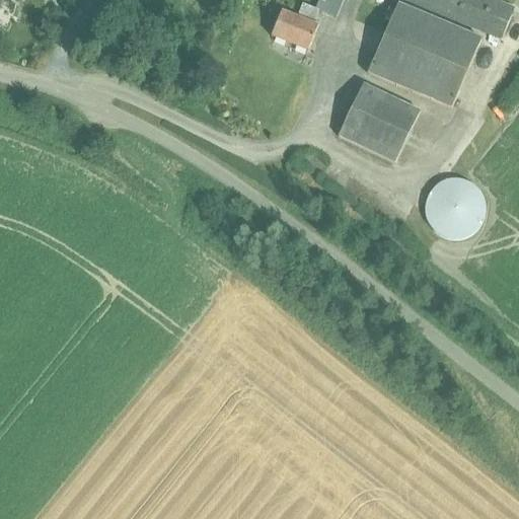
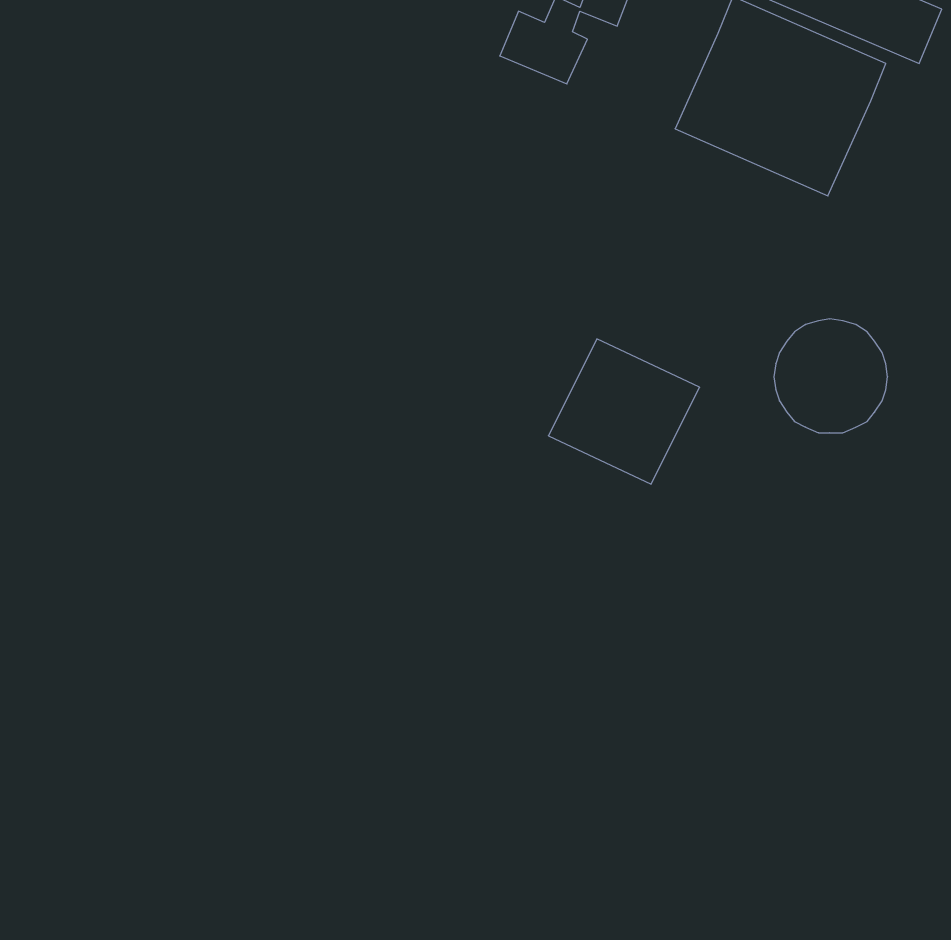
building: [338,82,420,161] -> [548,339,700,484]

